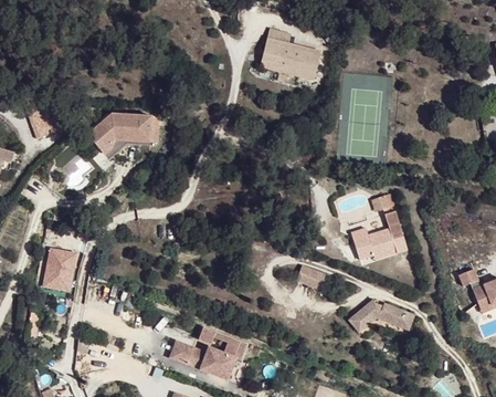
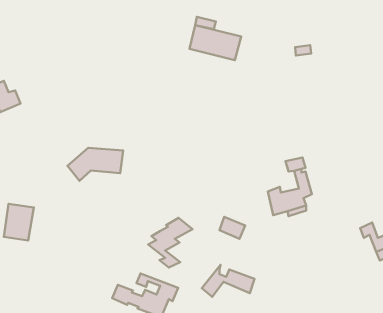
building: [85,123,150,161] -> [67,148,123,181]
building: none -> [148,218,193,267]
building: [349,296,411,334] -> [202,265,254,297]

